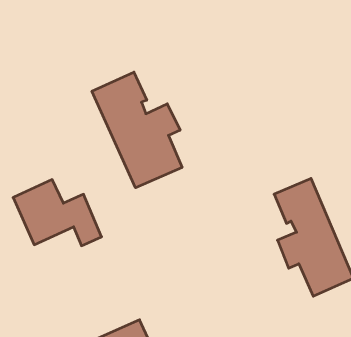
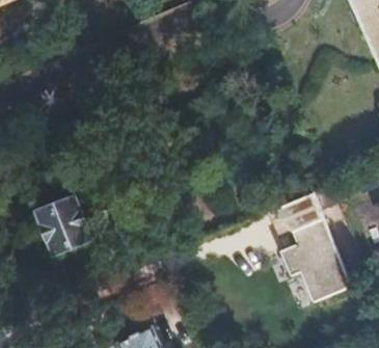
building: [92,72,182,188] -> none

